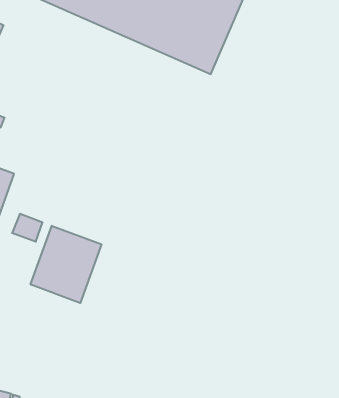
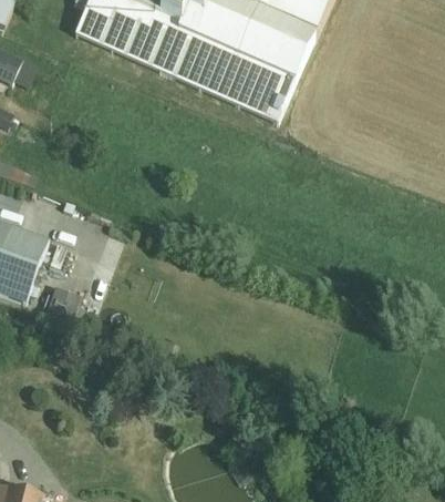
building: [31,226,101,303] -> none

